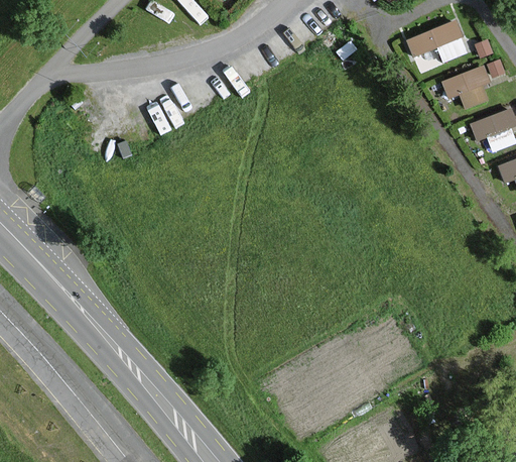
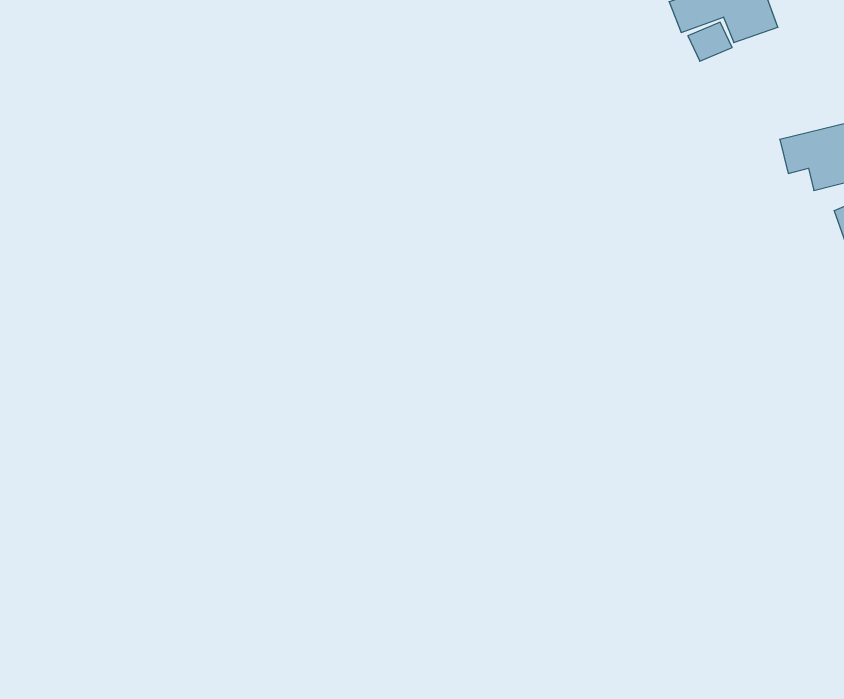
building: [441,68,492,105] -> none

